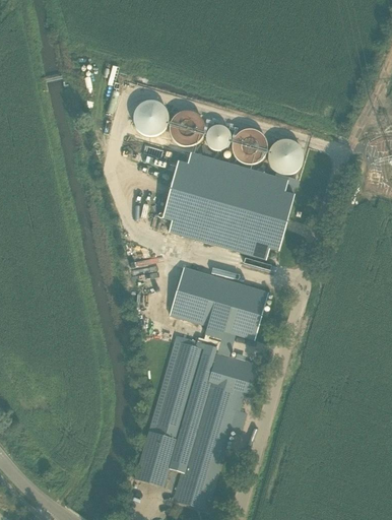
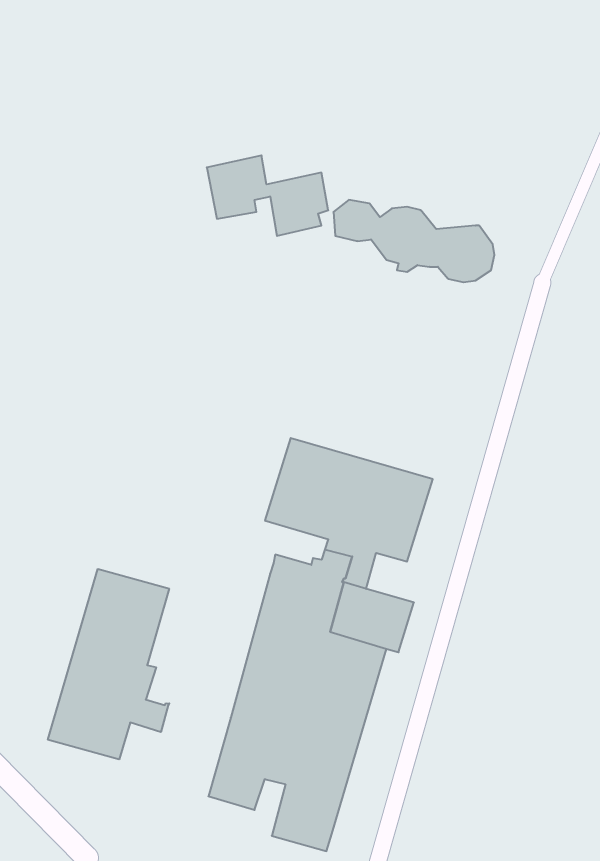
building: [162,152,293,260] -> none
building: none -> [48,569,169,759]

